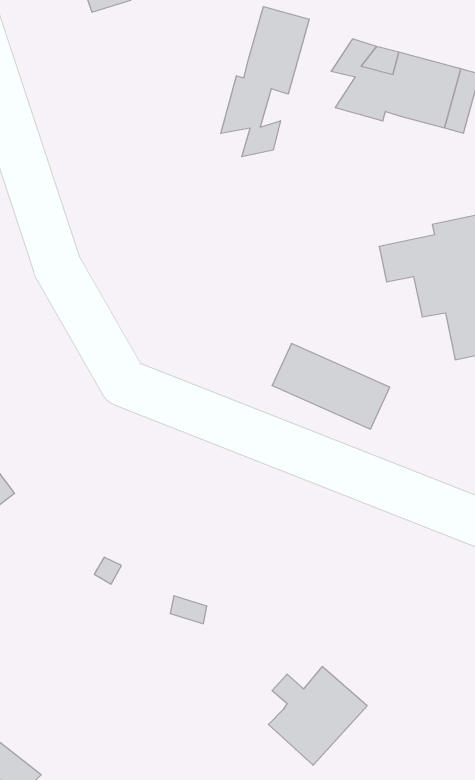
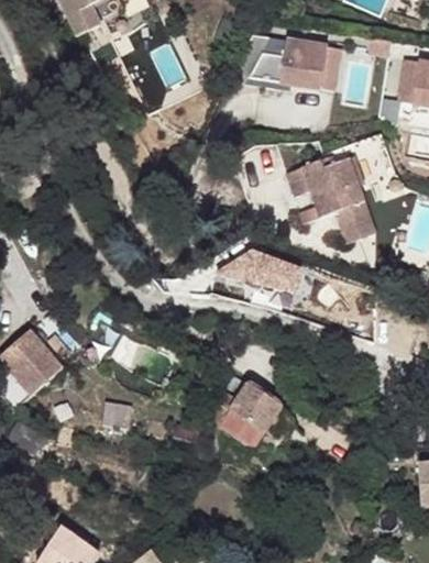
building: [221,7,309,157] -> none
building: [268,666,367,765] -> [220,380,285,448]

